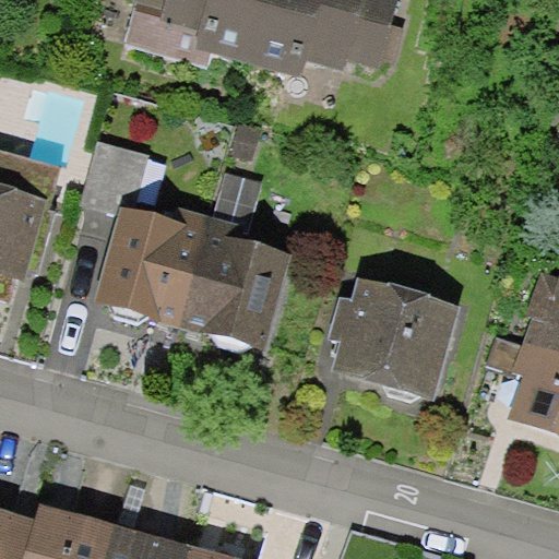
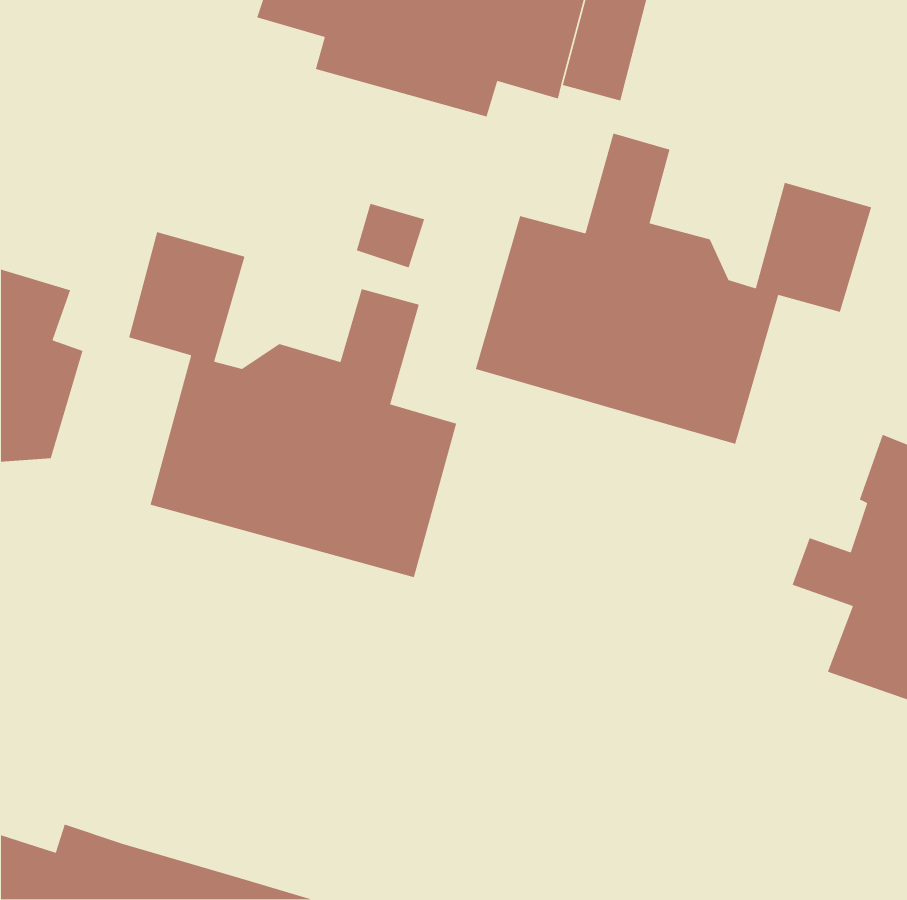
building: none -> [475,132,872,445]
building: [321,282,457,407] -> none

